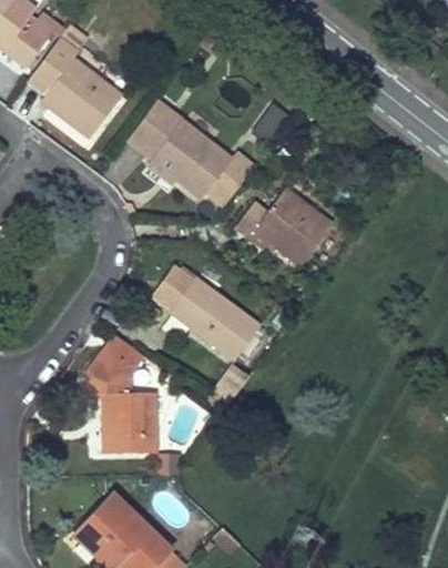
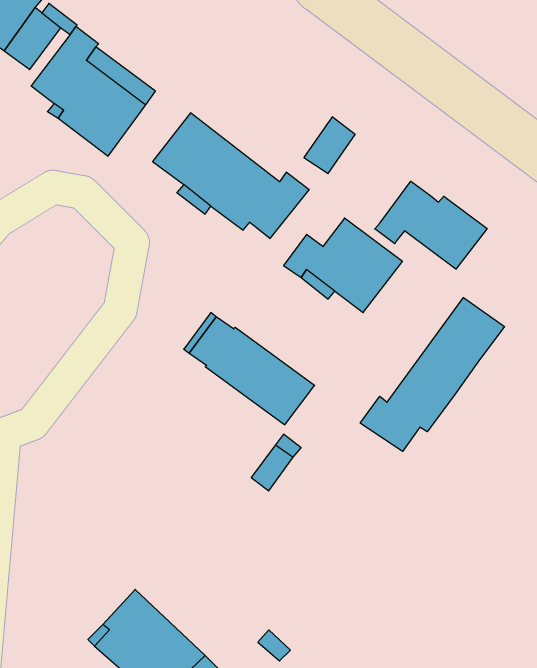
building: none -> [375,181,487,269]
building: none -> [360,298,505,451]
building: [86,334,155,454] -> none

